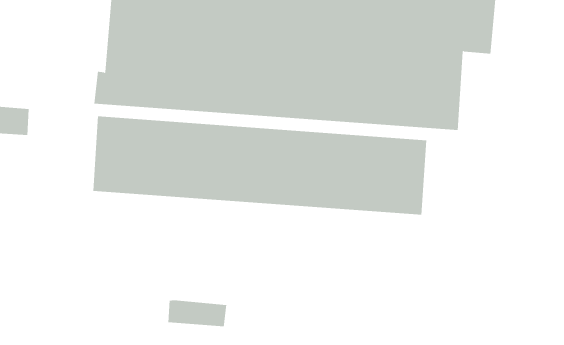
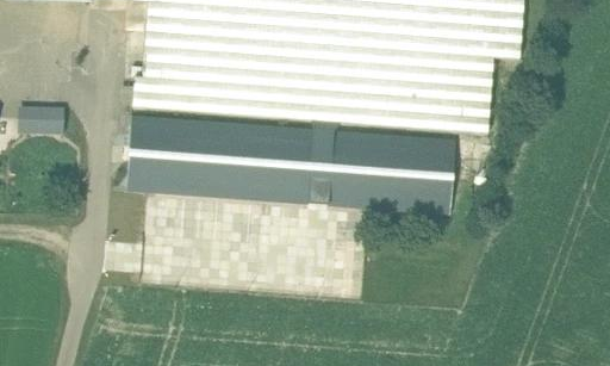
building: [168,300,227,327] -> none

